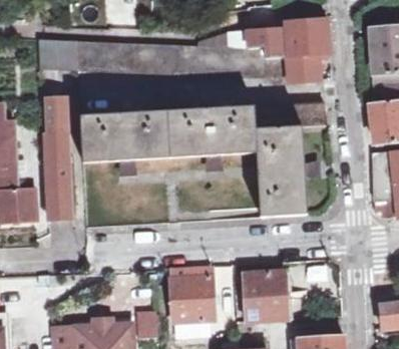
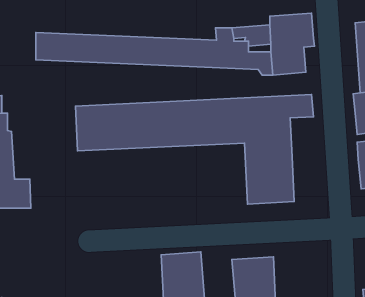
building: [45,95,71,219] -> none

